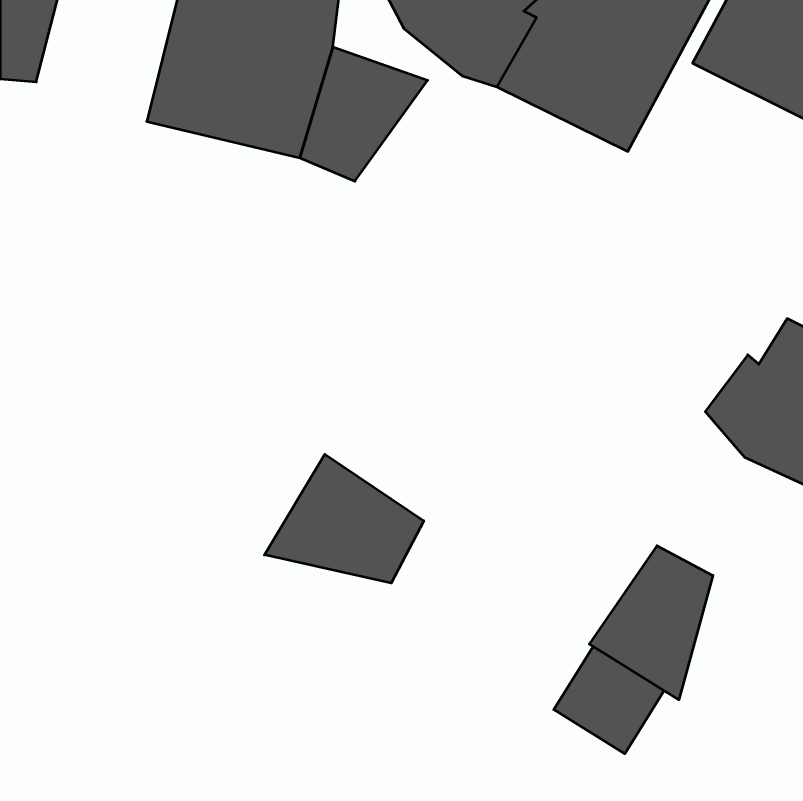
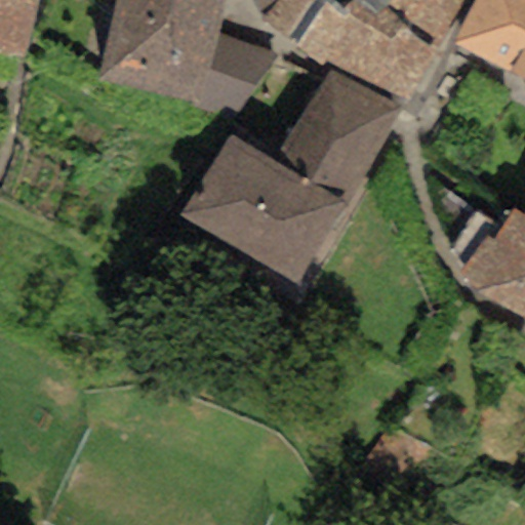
building: none -> [181,68,400,282]
building: [264,454,424,583] -> none
building: [589,546,713,700] -> none

